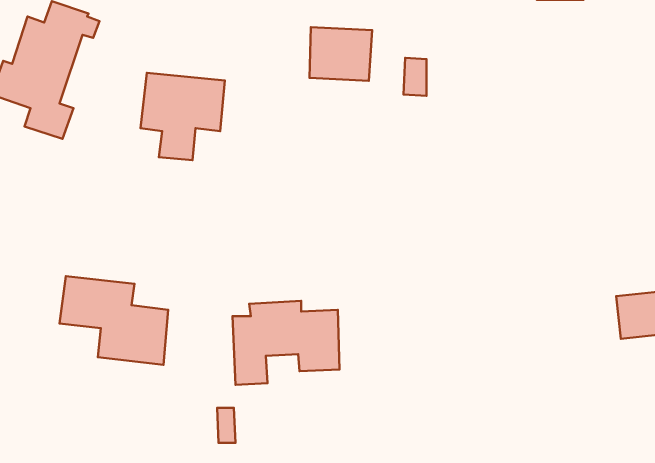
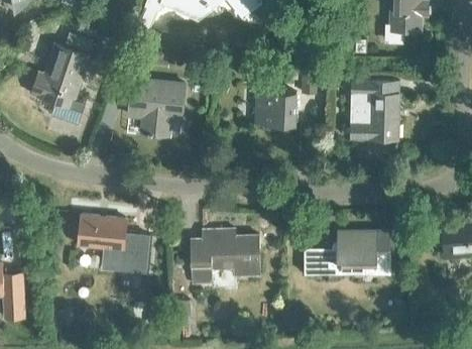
building: [309,27,372,81] -> [256,92,298,127]
building: none -> [351,83,398,140]
building: none -> [304,231,389,276]

